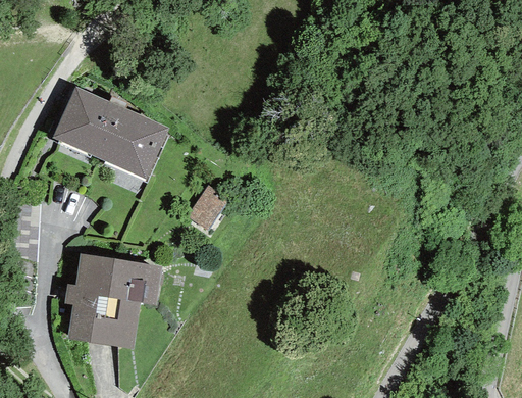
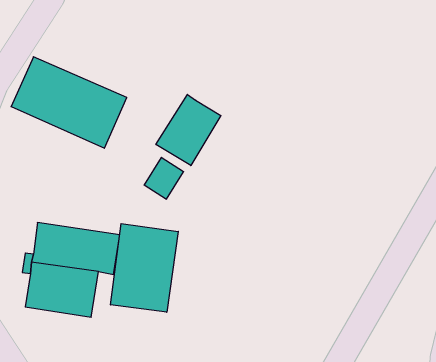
building: none -> [156,94,221,166]
building: none -> [111,224,178,312]

